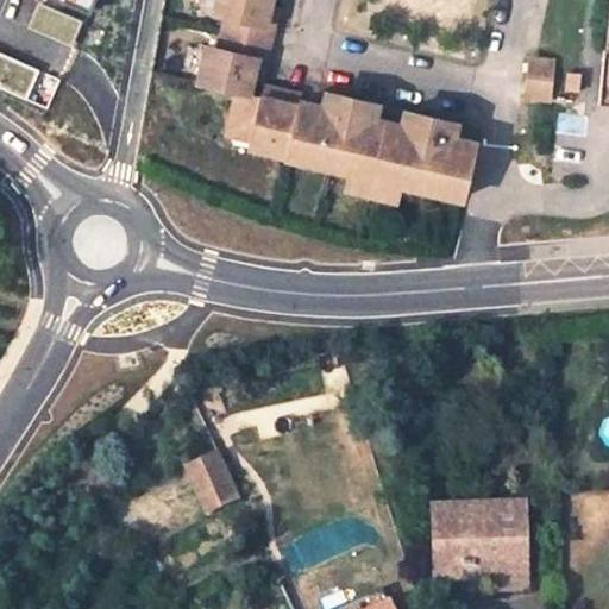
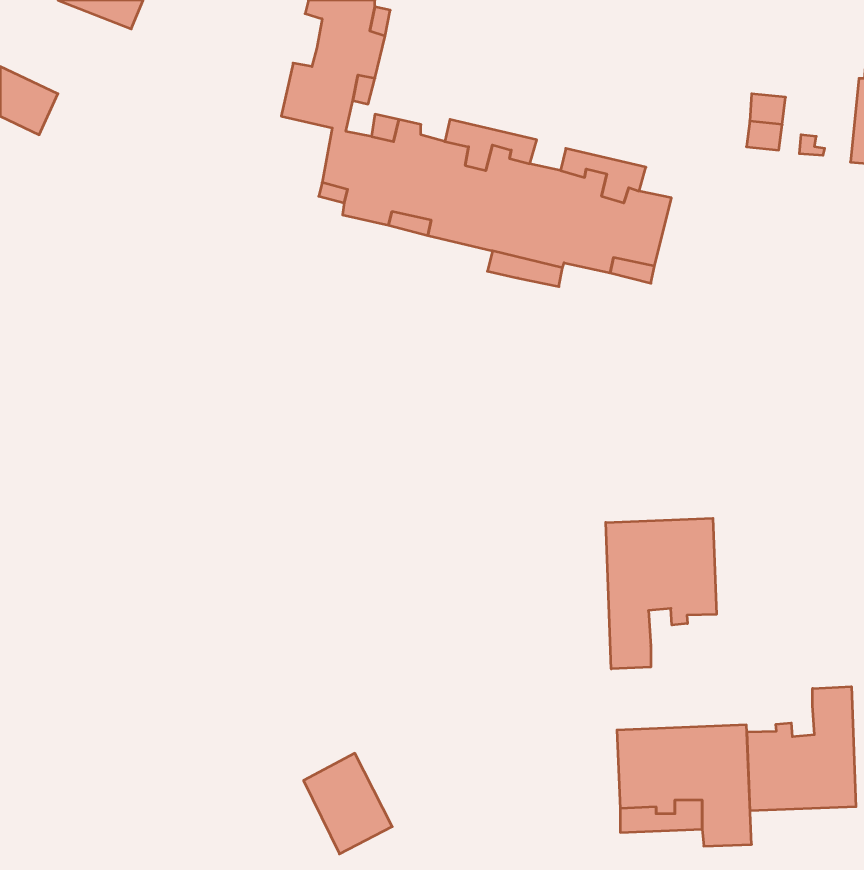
building: none -> [606,518,716,669]
building: [178,448,240,519] -> [304,753,392,854]
building: none -> [747,687,856,811]

